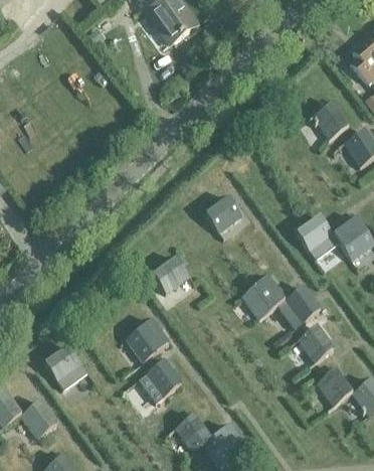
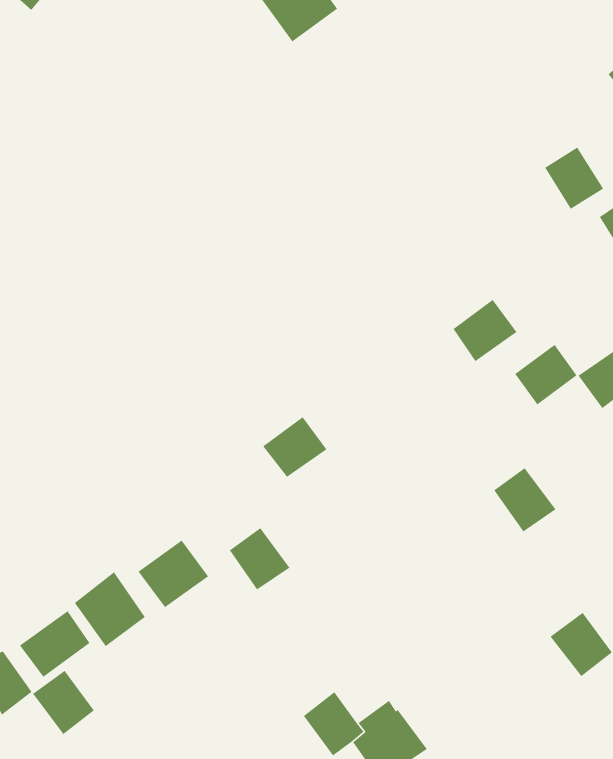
building: [205,196,242,232] -> [452,299,518,362]
building: [240,276,284,318] -> none
building: [298,325,332,361] -> none
building: none -> [138,540,209,608]
building: [145,360,180,397] -> none
building: none -> [18,610,91,678]

